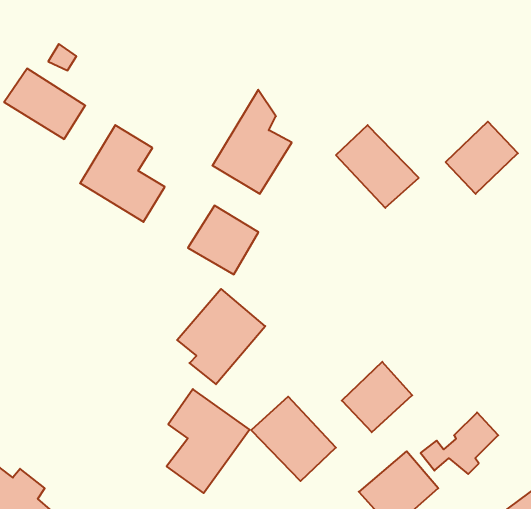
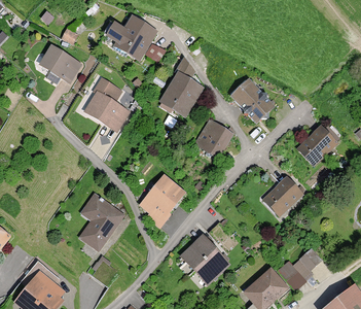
building: none -> [104,15,157,62]
building: [446,122,518,194] -> [295,124,337,166]
building: [188,206,258,274] -> [192,117,233,158]
building: [342,362,412,432] -> [262,176,303,217]
building: [167,389,249,493] -> [77,192,125,252]

